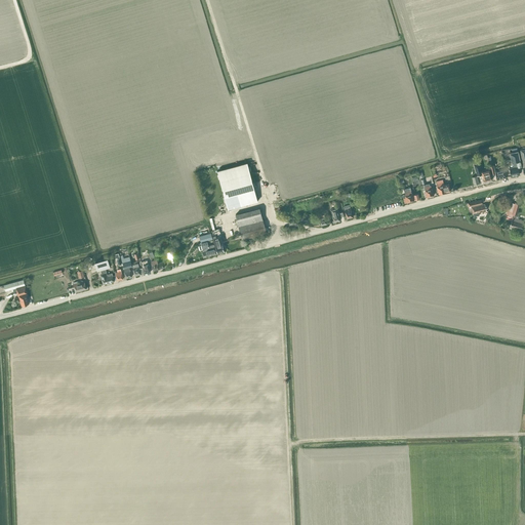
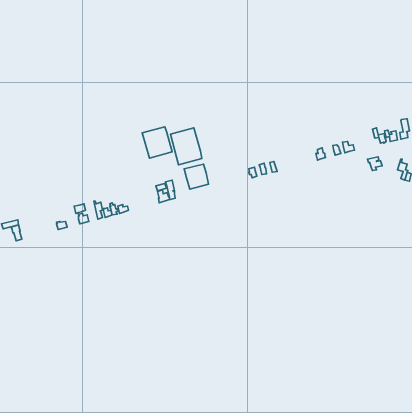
building: none -> [142,127,172,158]

